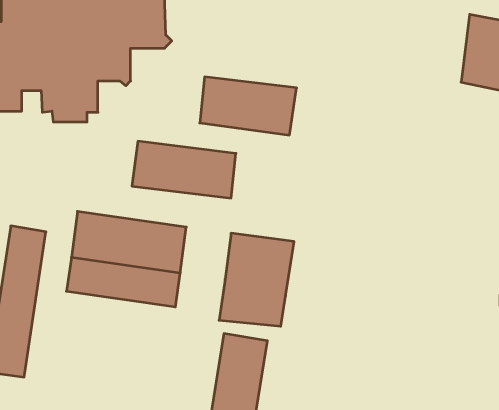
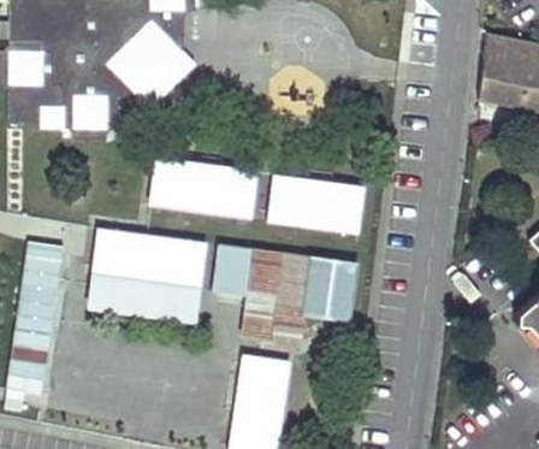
building: [200,77,297,135] -> [270,173,366,231]
building: none -> [214,246,251,295]
building: none -> [306,258,359,319]

